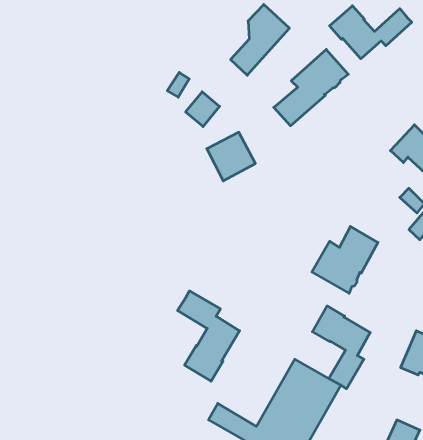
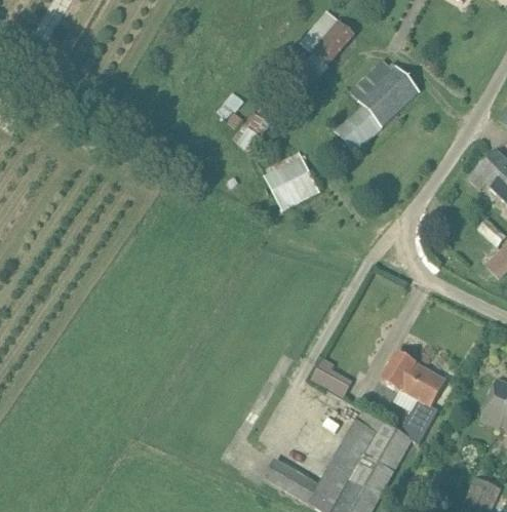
building: [330,6,412,59] -> none
building: [312,226,378,293] -> none
building: [178,291,240,381] -> none
building: none -> [321,366,352,397]

